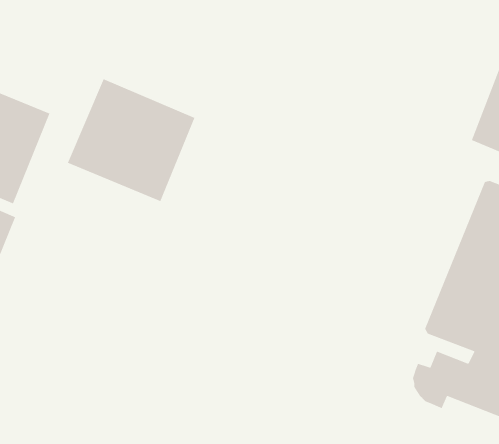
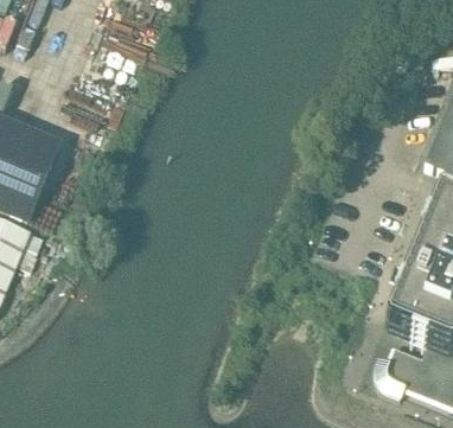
building: [67,78,196,202] -> none

